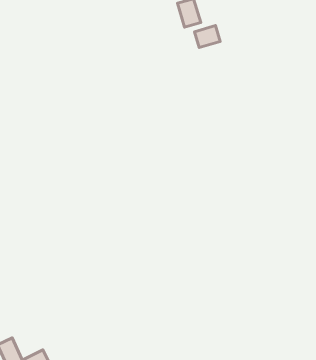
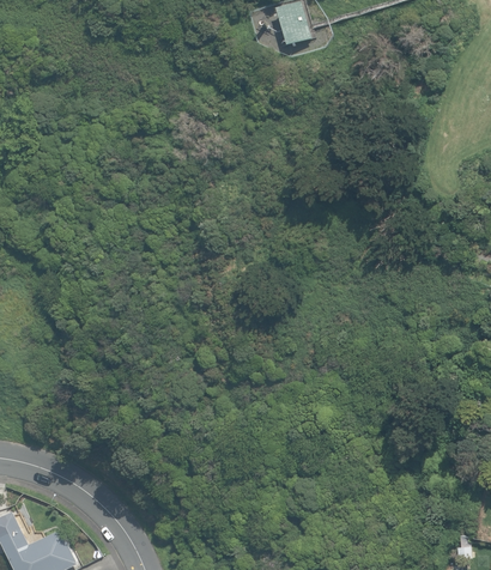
building: [194,26,220,48] -> none

